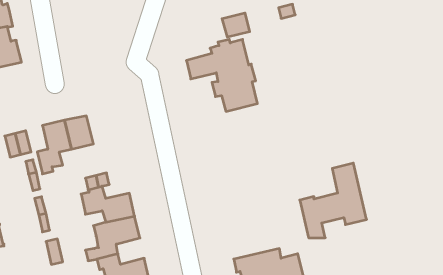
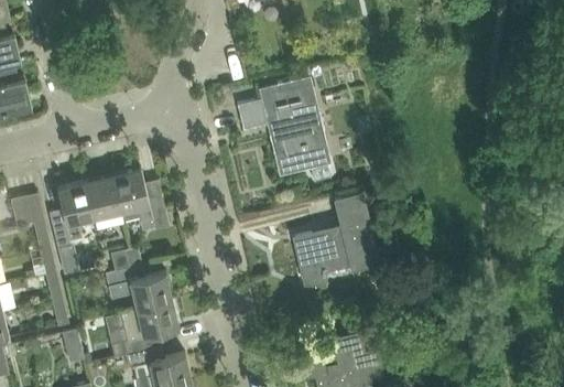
building: [222,13,250,37] -> none
building: none -> [111,171,169,234]
building: [300,163,367,238] -> [293,193,377,287]

